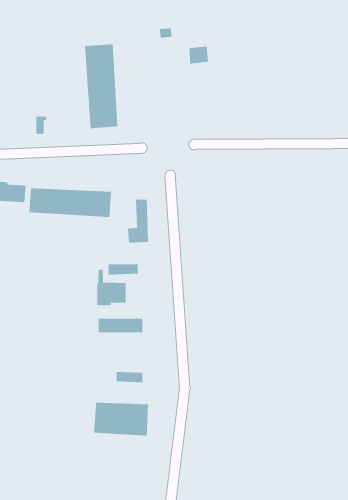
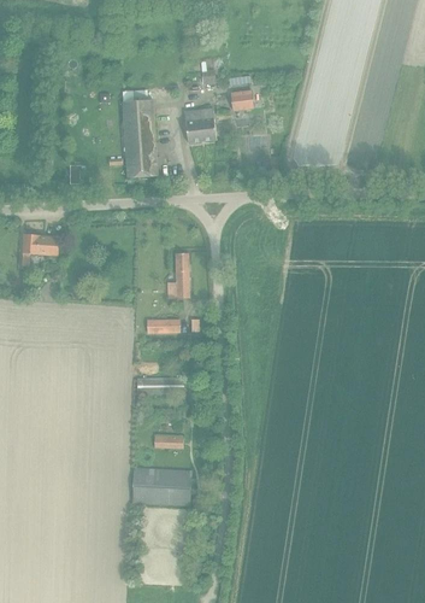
building: none -> [184,109,216,142]
building: [29,188,112,218] -> none
building: [97,269,126,306] -> none

